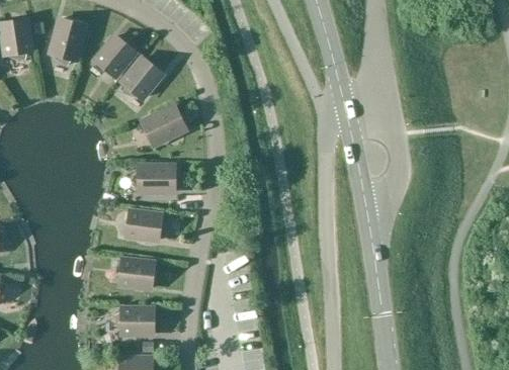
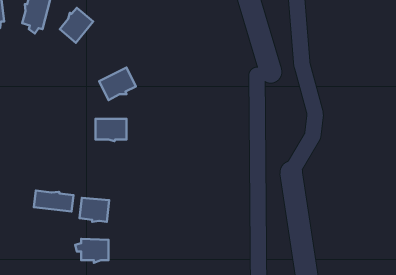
building: [121,57,161,97] -> none
building: [125,210,161,240] -> none
building: none -> [34,191,73,212]

